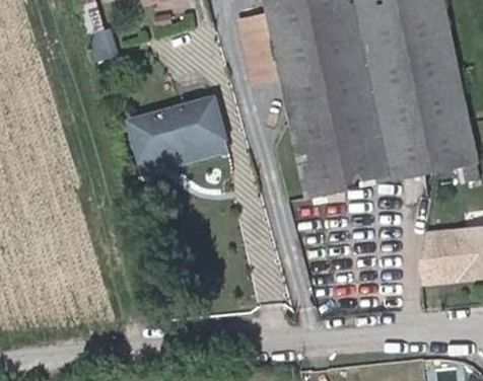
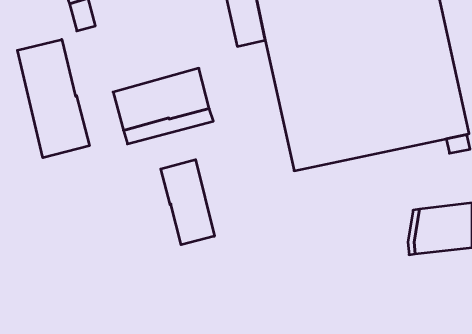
building: none -> [17,39,89,158]
building: none -> [161,160,214,245]

